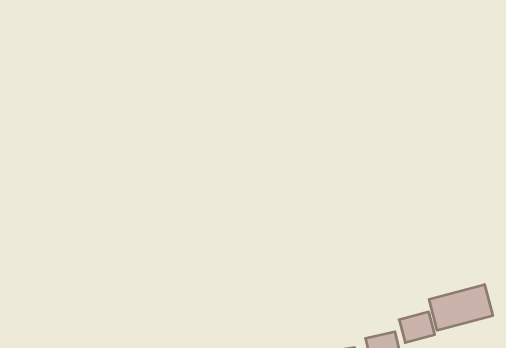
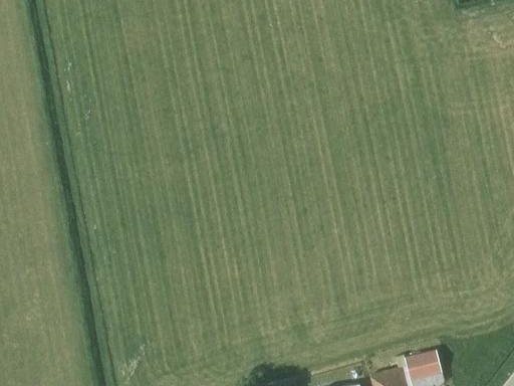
building: [429,284,493,330] -> none

